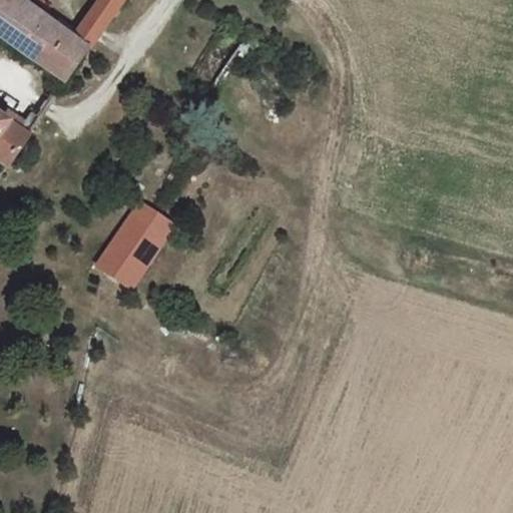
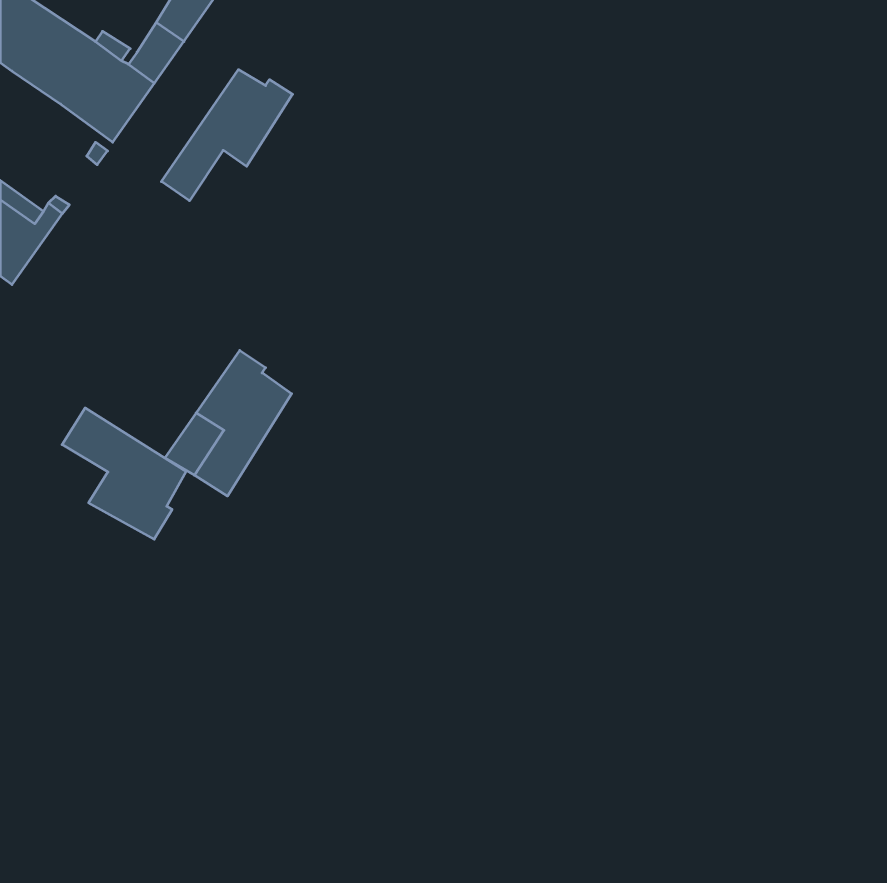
building: none -> [161,70,293,201]
building: none -> [62,408,186,539]

